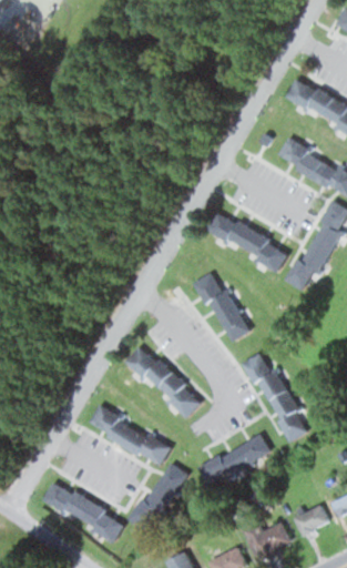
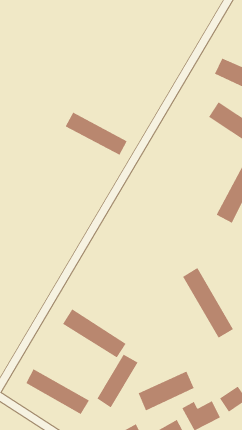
building: [208,214,289,271] -> [65,112,128,156]
building: [196,270,254,345] -> none
building: [124,348,203,417] -> none
building: [198,436,272,488] -> [138,371,194,411]

